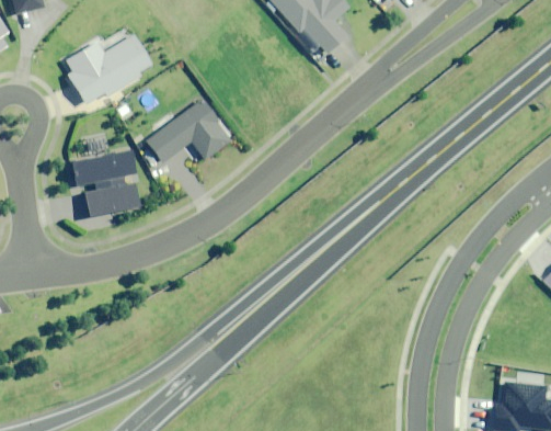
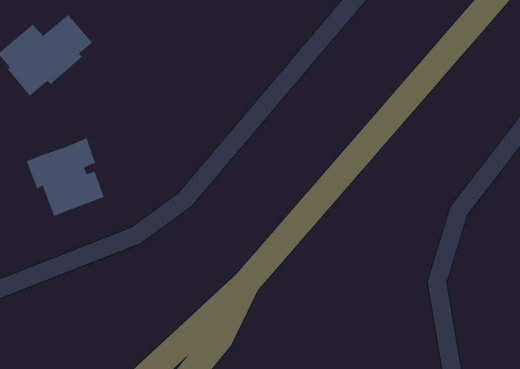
building: [146,98,230,162] -> none

